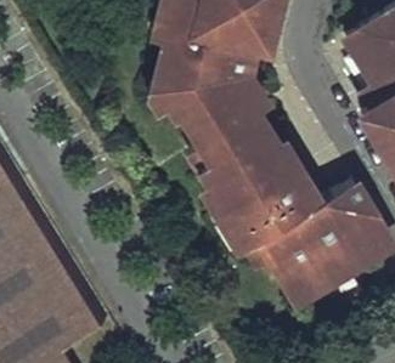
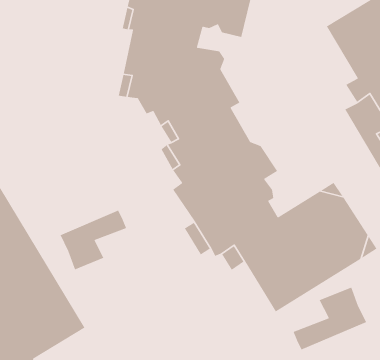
building: none -> [59,210,127,270]
building: none -> [292,287,367,351]

